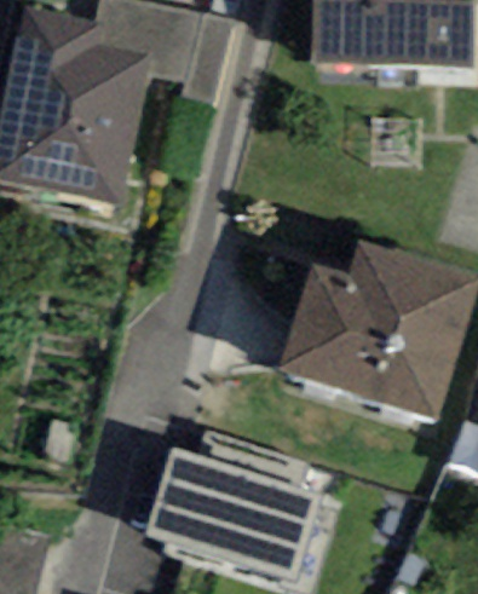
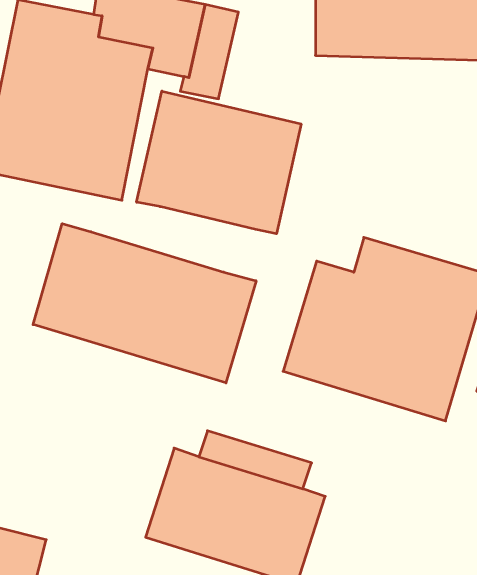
building: none -> [137,91,301,234]
building: none -> [33,224,256,383]

